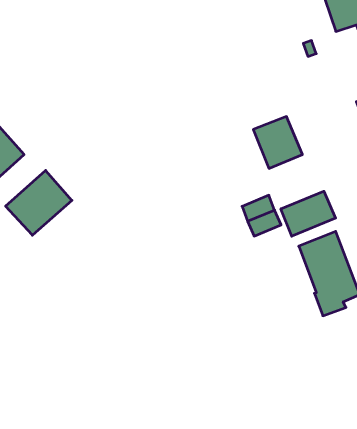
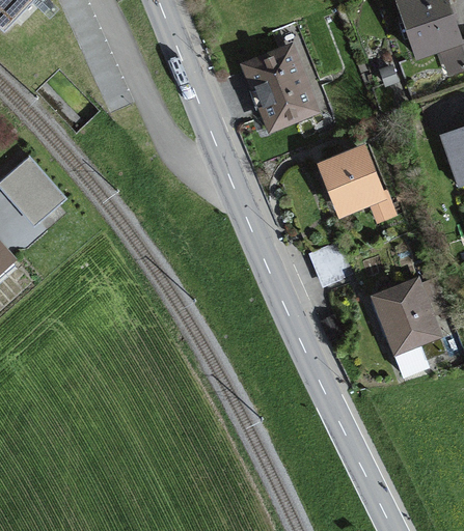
building: none -> [247,51,310,124]
building: [6,170,72,235] -> none
building: [281,191,336,236] -> none

